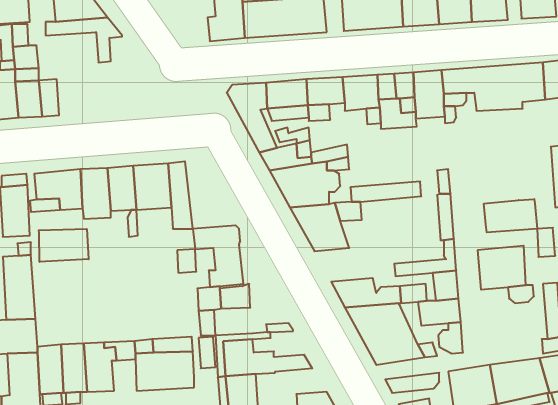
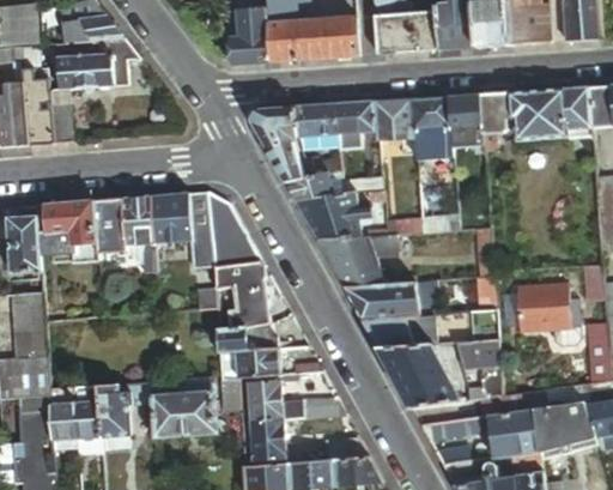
building: none -> [57,54,114,90]
building: none -> [206,192,260,264]
building: [484,199,537,232] -> none
building: [39,229,89,262] -> none
building: none -> [344,282,417,320]
building: none -> [237,347,278,377]

